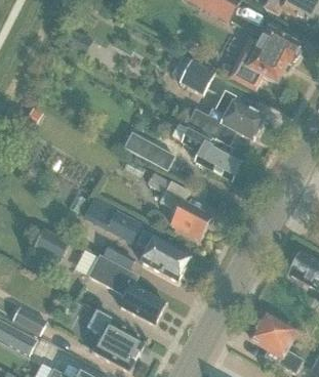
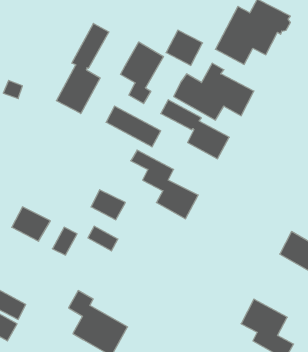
building: none -> [56,23,109,114]
building: none -> [121,42,163,104]
building: [135,232,190,280] -> none
building: [90,257,165,323] -> none

